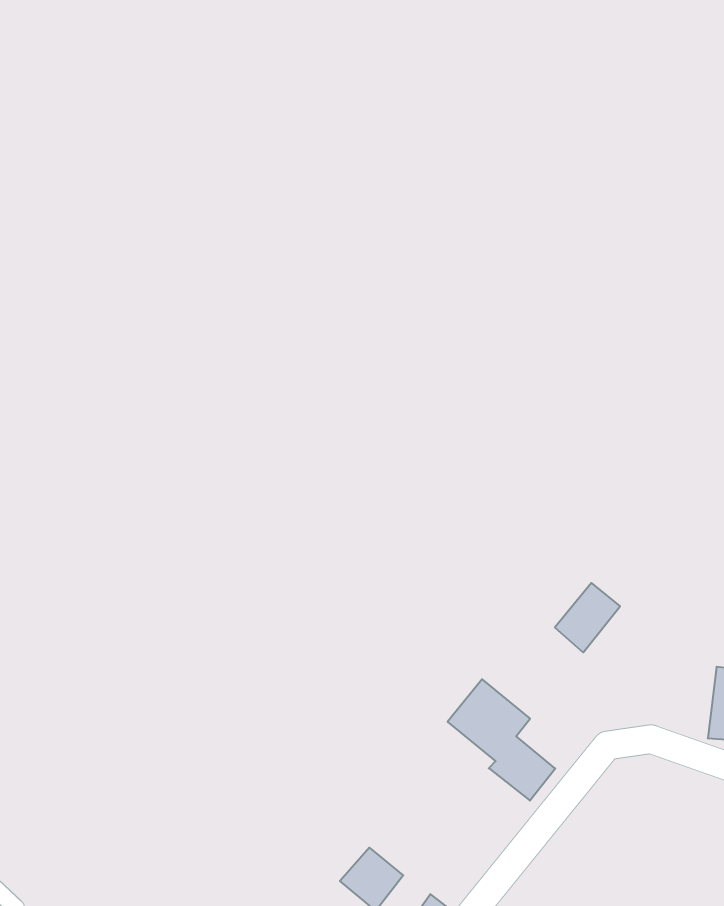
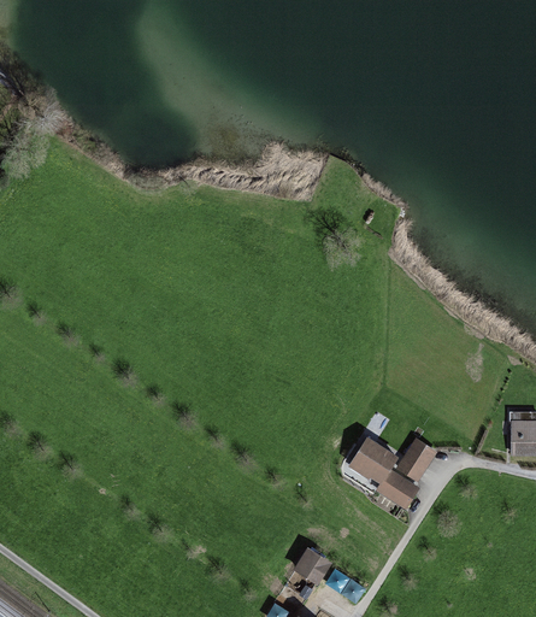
building: [555,583,620,652] -> [397,437,436,481]

